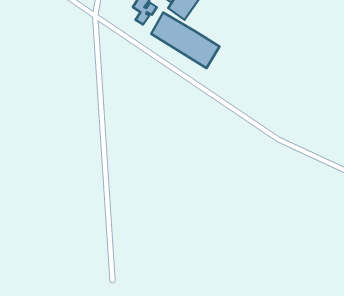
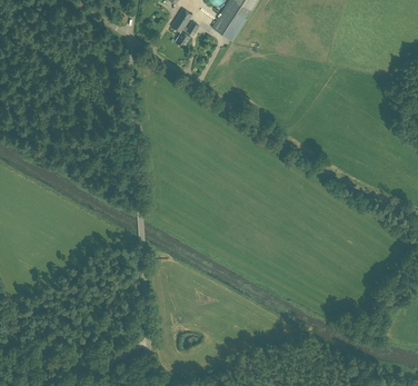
building: [151,13,220,68] -> none

